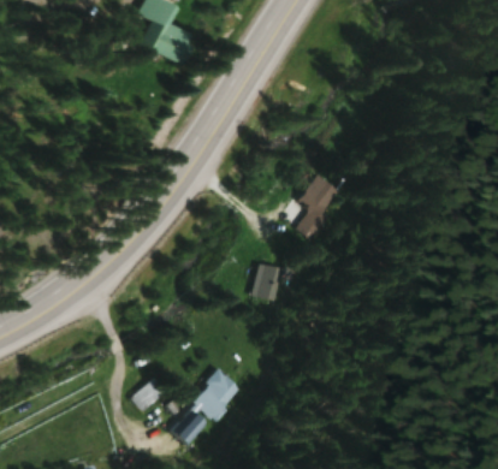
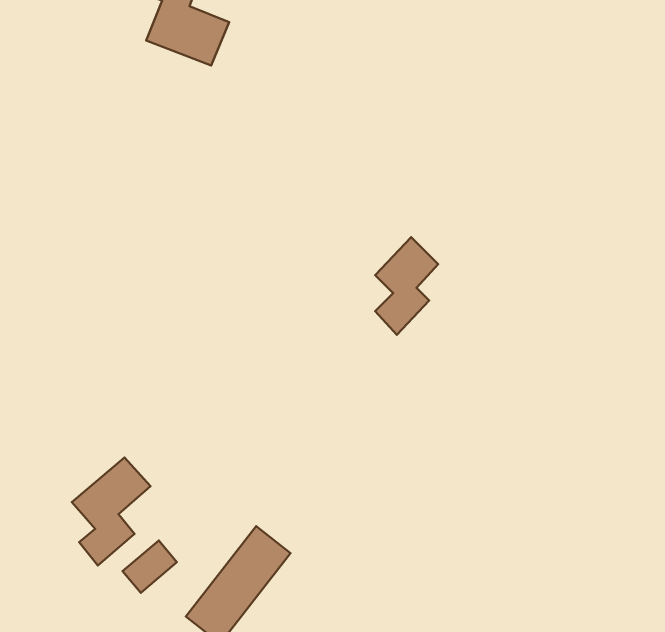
building: [249,263,283,302] -> none
building: none -> [72,457,150,565]

